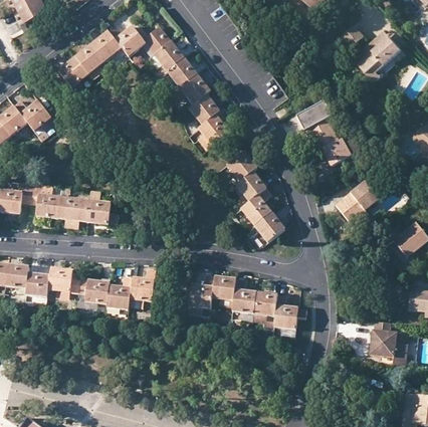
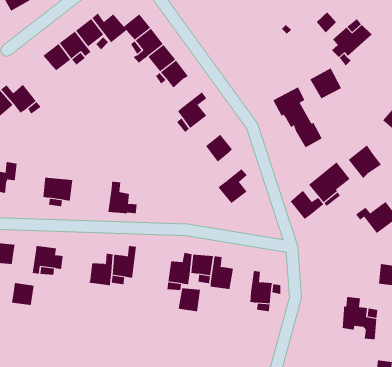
building: none -> [310,68,342,99]
building: [190,93,219,124] -> none
building: none -> [348,144,382,179]
building: [236,171,265,200] -> none
building: [29,182,59,217] -> none
building: [86,189,118,223] -> [108,181,137,214]
building: none -> [290,190,324,220]
building: [254,211,284,241] -> none
building: [25,272,49,296] -> [11,283,34,306]
building: [77,278,109,303] -> none
building: [253,291,277,316] -> [178,288,201,312]

